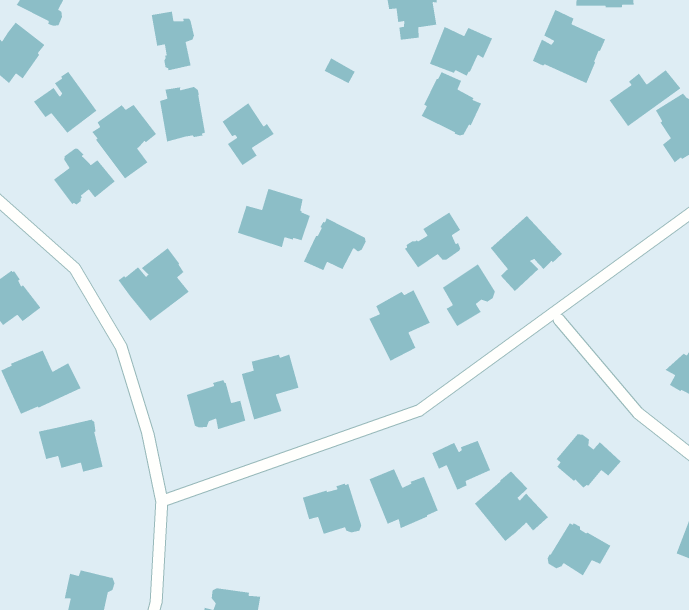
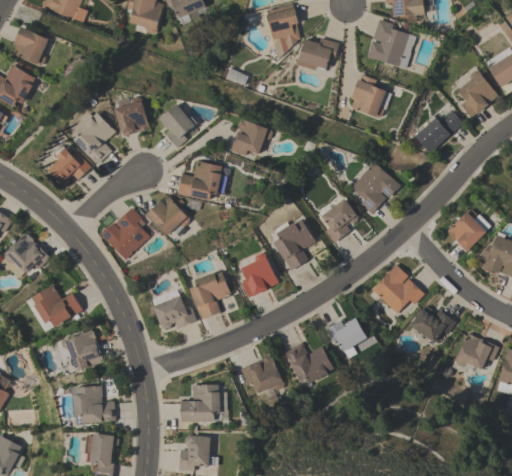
building: [151,11,195,71] -> none
building: [608,69,682,127] -> [414,110,463,152]
building: [33,71,98,134] -> none
building: [420,71,482,136] -> [350,74,391,117]
building: [404,212,461,268] -> none
building: [303,217,366,271] -> [230,118,272,155]
building: none -> [146,196,189,235]
building: none -> [447,209,487,251]
building: none -> [241,252,279,297]
building: [474,471,549,542] -> [372,264,424,313]
building: none -> [71,385,115,423]
building: none -> [182,384,228,421]
building: [547,522,611,576] -> [455,333,498,369]

